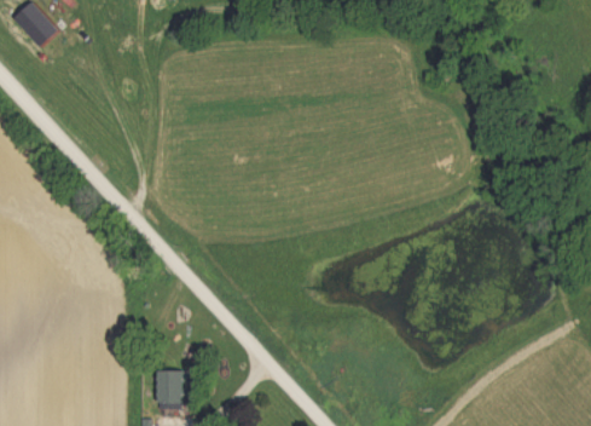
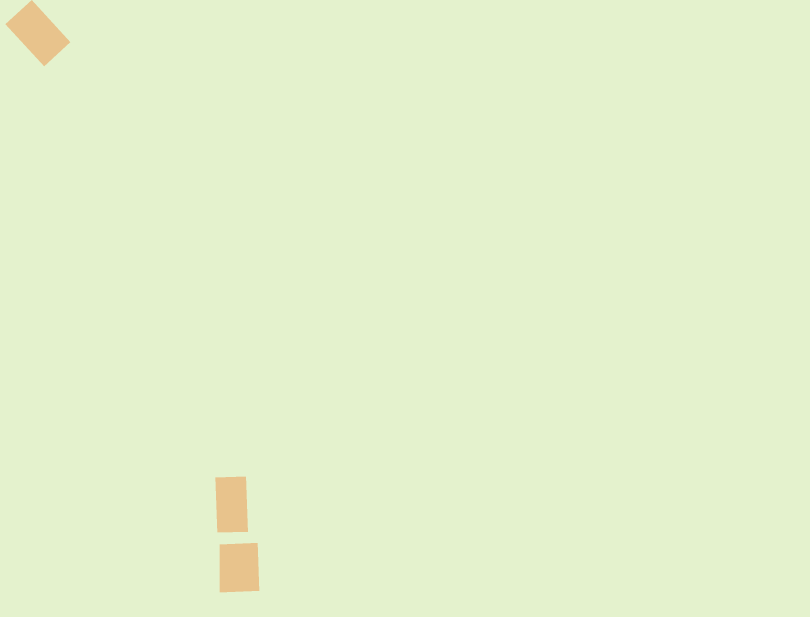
building: none -> [215,476,248,533]

